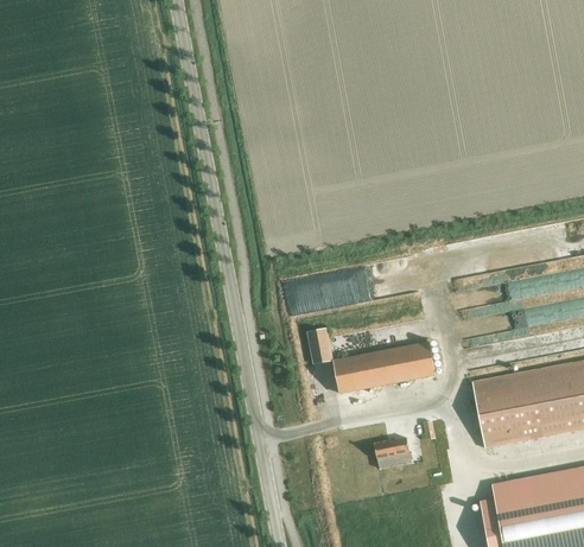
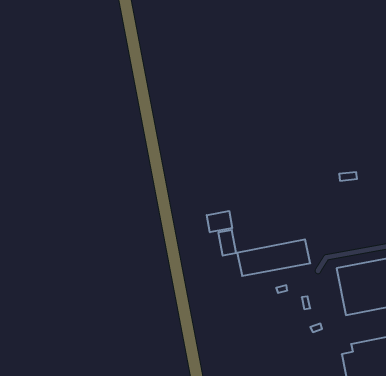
building: none -> [207,211,232,232]
building: [374,435,412,468] -> none

